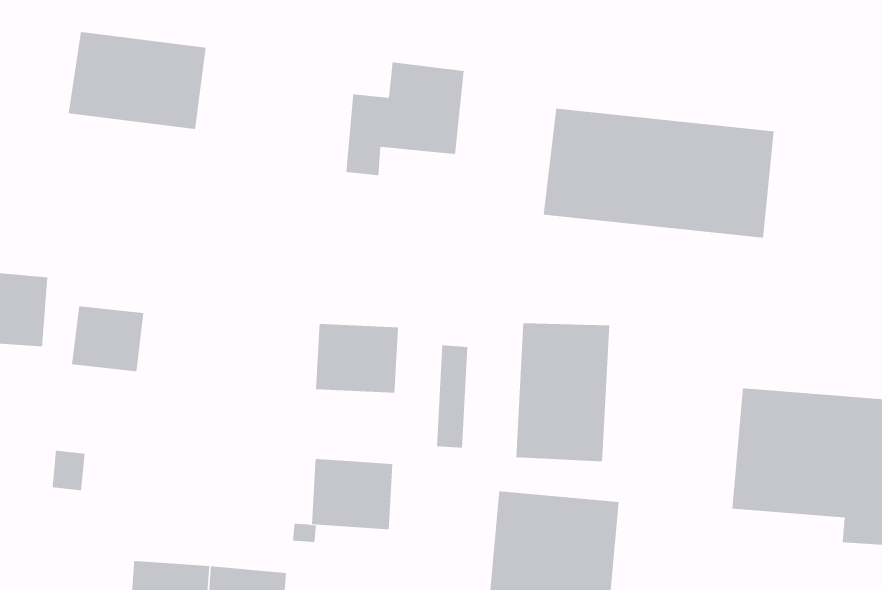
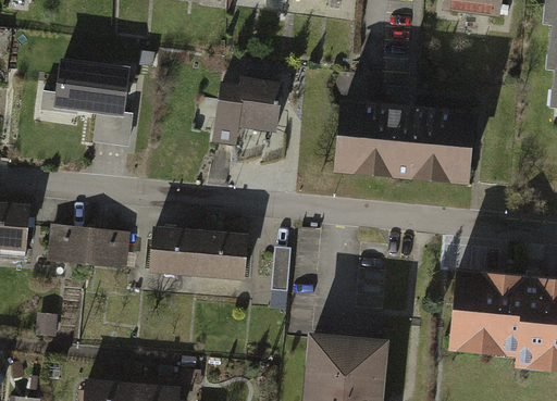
building: none -> [88,228,133,268]
building: [516,323,610,462] -> none
building: [311,458,393,530] -> [149,231,199,275]

